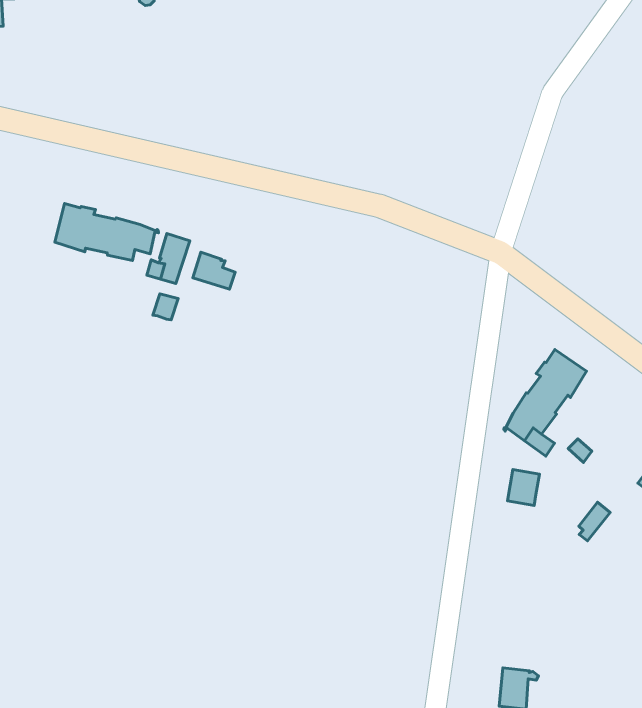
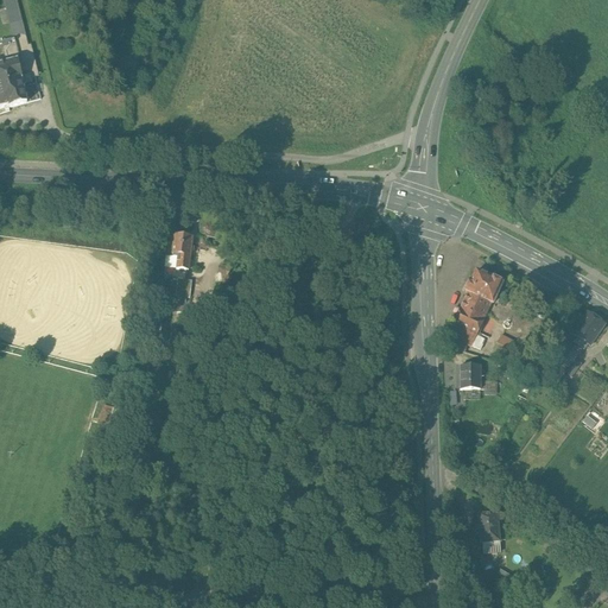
building: [55,204,159,260] -> none
building: [193,252,235,289] -> none

